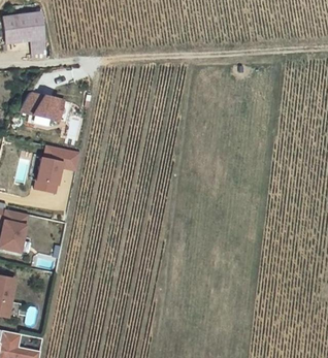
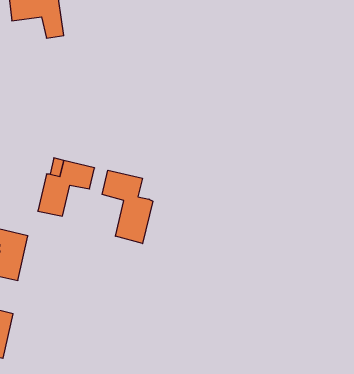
building: [21,94,66,125] -> none
building: none -> [102,170,153,244]

